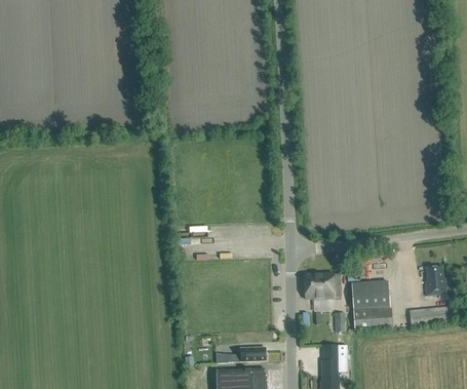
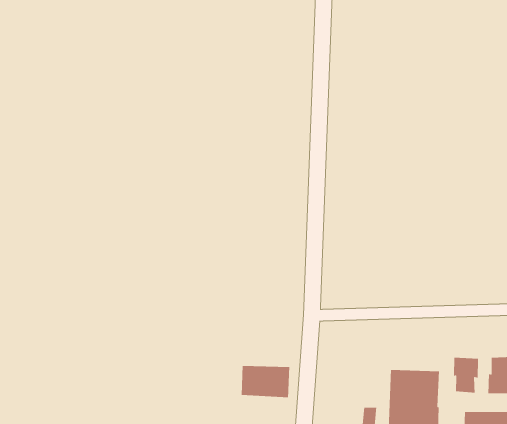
building: none -> [453,357,479,393]
building: [304,273,341,298] -> [241,365,290,398]

